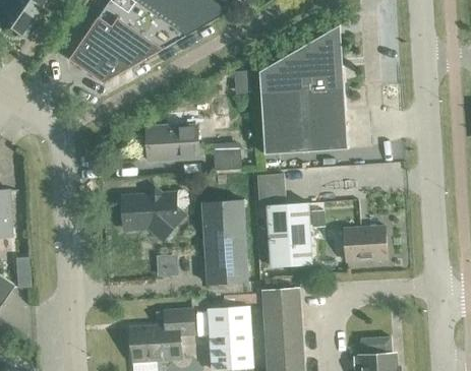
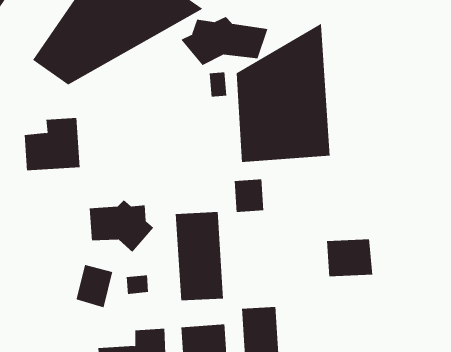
building: none -> [180,16,268,66]
building: [146,111,199,161] -> [24,117,81,171]
building: [213,142,241,171] -> none
building: [268,202,312,266] -> none
building: none -> [76,264,113,308]

